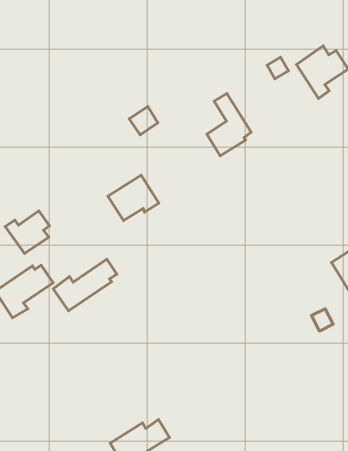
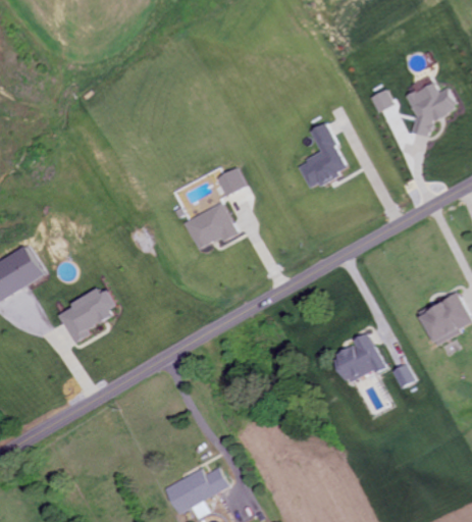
building: [129,107,158,135] -> [215,166,246,196]
building: [5,211,50,253] -> none
building: [53,259,117,311] -> none
building: none -> [332,332,384,384]

